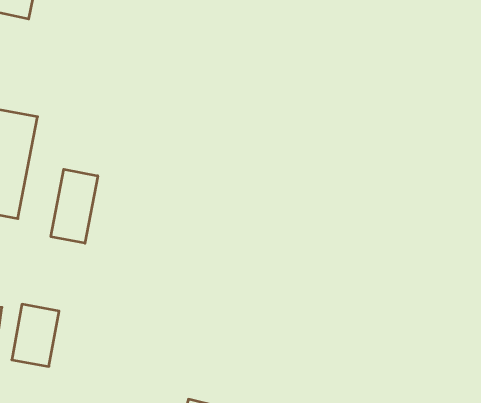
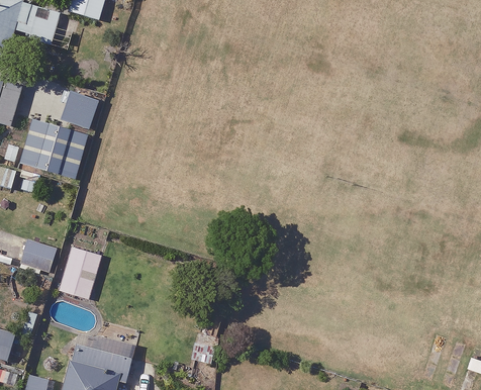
building: [51,169,98,243] -> none

